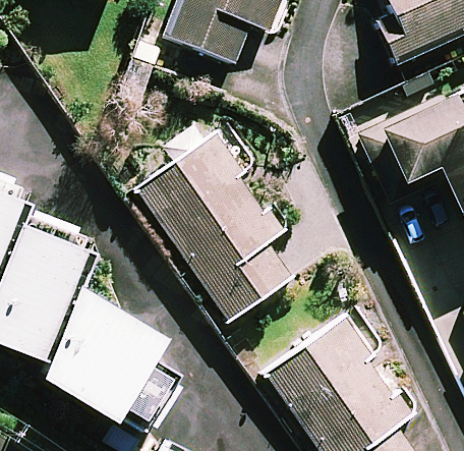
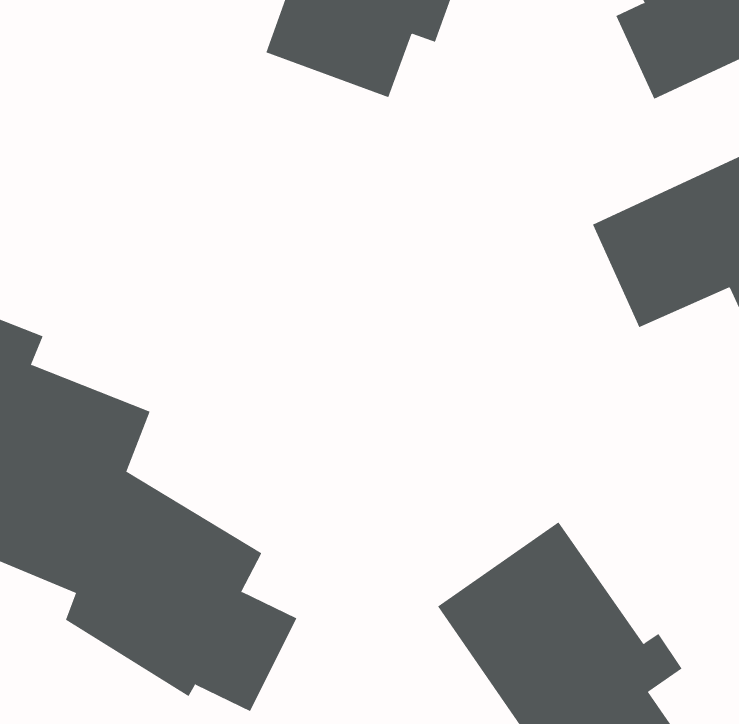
building: [140,121,292,317] -> none

